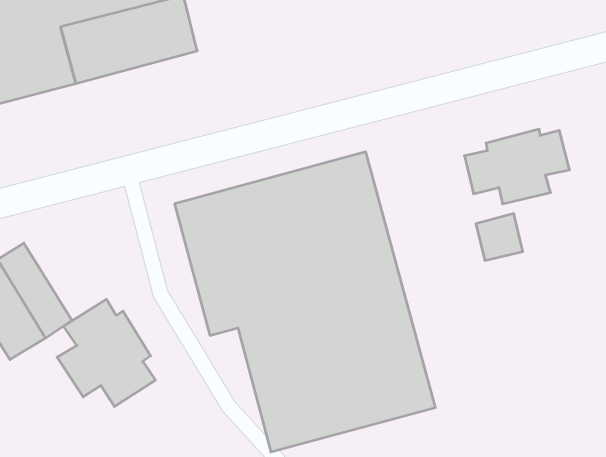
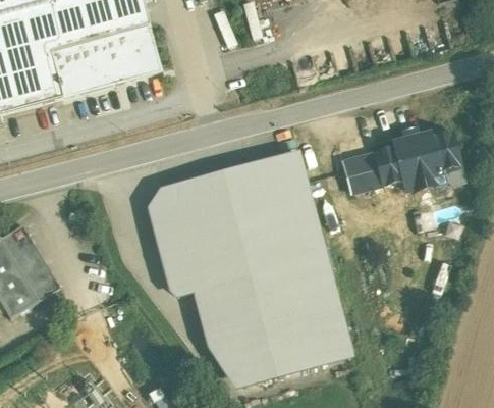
building: [476,214,523,260] -> [345,153,383,191]
building: [57,299,155,407] -> none

